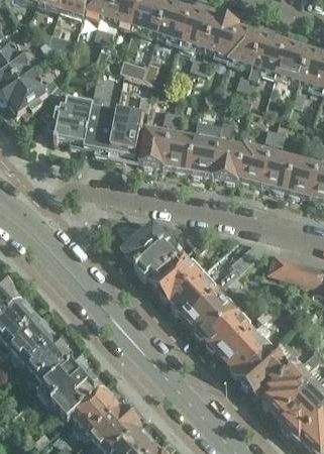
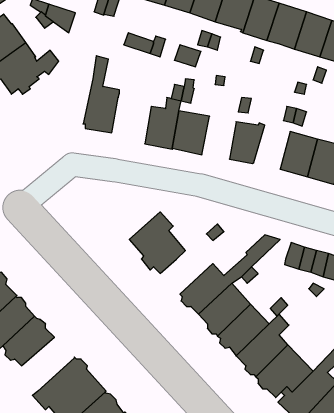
building: [41,91,92,145] -> none
building: [109,94,150,161] -> none
building: [192,136,223,176] -> none
building: [239,144,273,185] -> none
building: [153,253,202,300] -> none
building: [26,339,75,388] -> none

